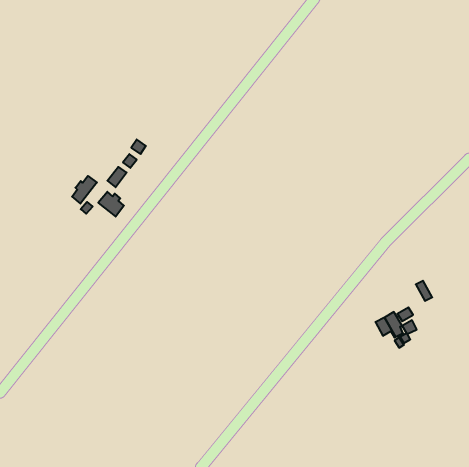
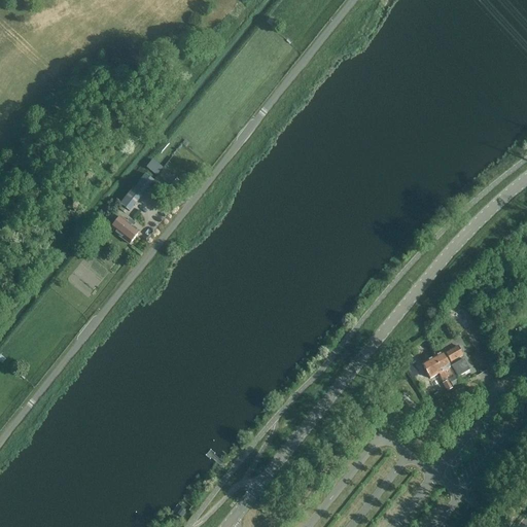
building: [72,176,97,204] -> none

